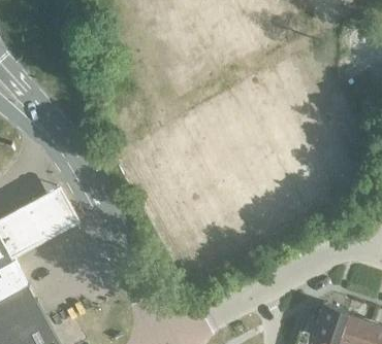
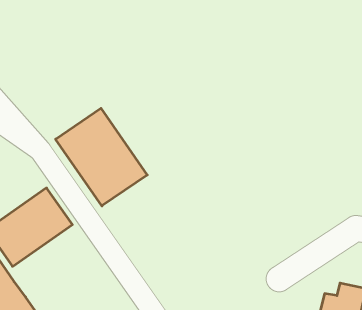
building: none -> [56,108,147,206]

